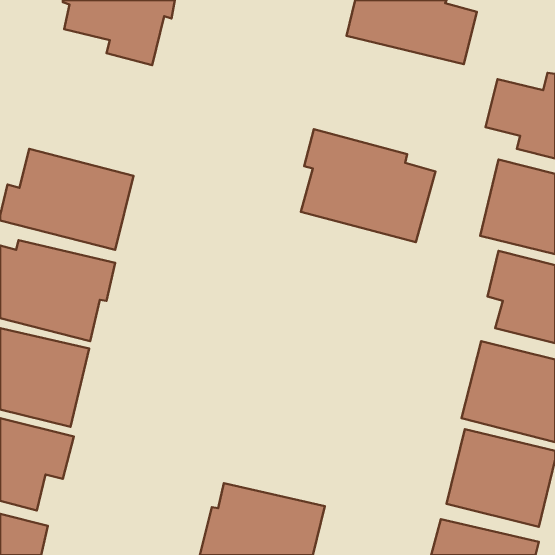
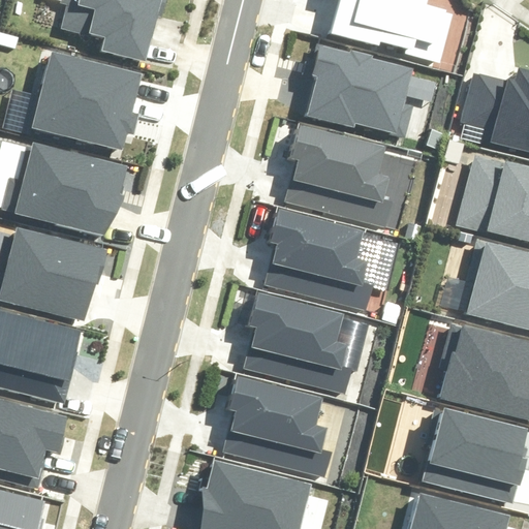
building: none -> [306,42,416,134]
building: none -> [34,51,142,148]
building: none -> [266,210,370,307]
building: none -> [245,290,349,388]
building: none -> [226,376,332,474]

